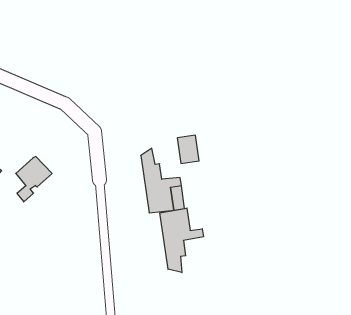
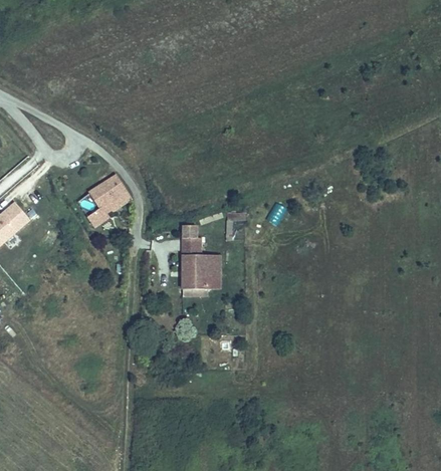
building: [16,157,52,202] -> [87,178,129,225]
building: [160,208,203,273] -> none

